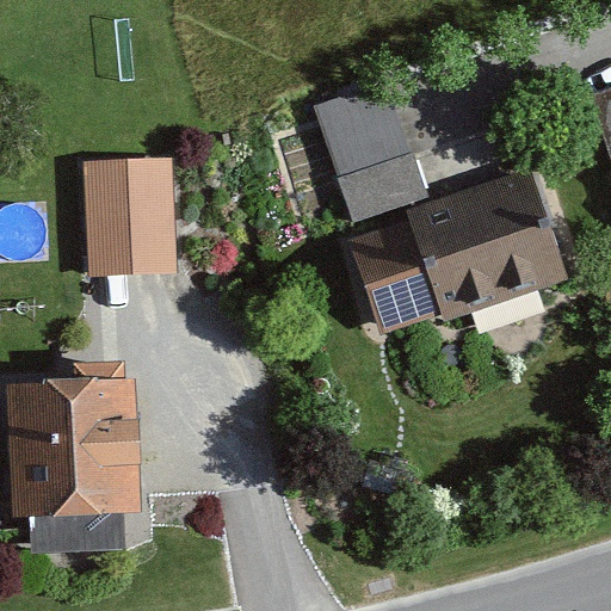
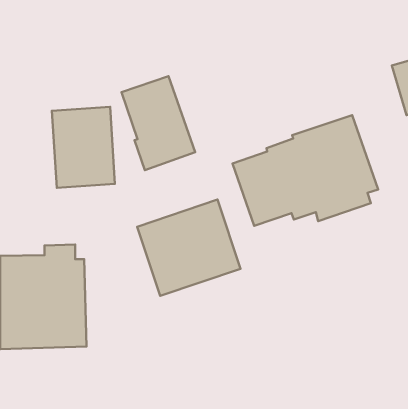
building: [317,87,426,226] -> [121,76,195,170]
building: none -> [137,200,240,296]

